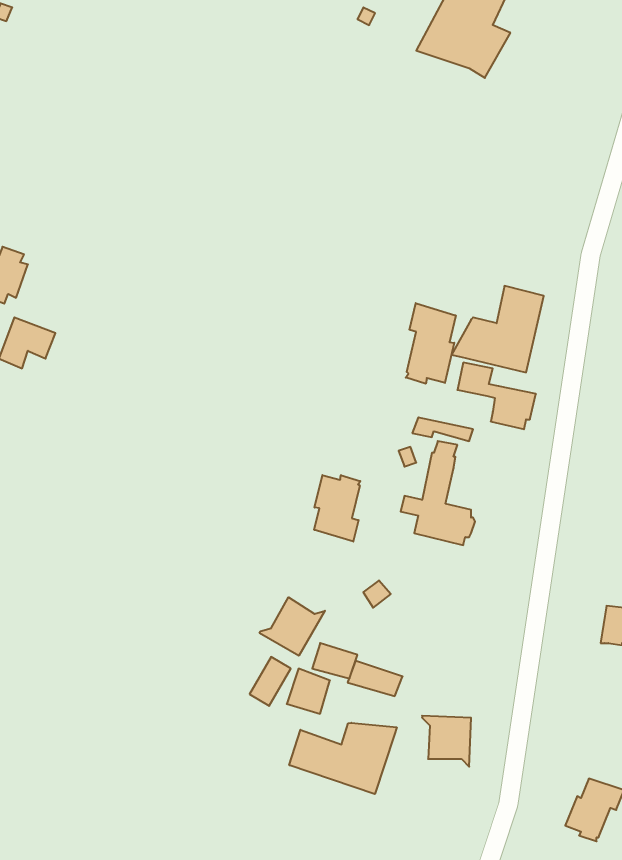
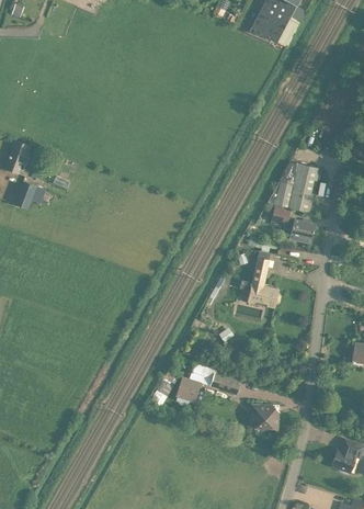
building: [406,303,456,384] -> none
building: [314,475,360,542] -> none
building: [260,597,325,656] -> none
building: [289,723,397,794] -> none

